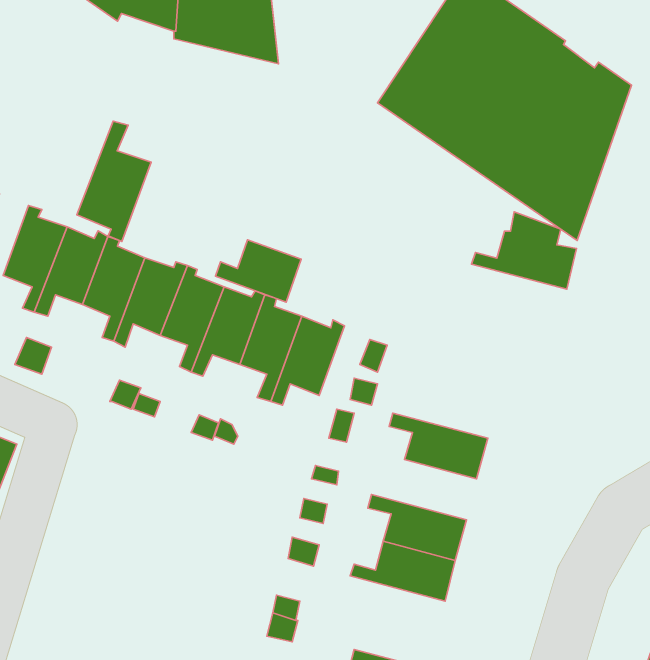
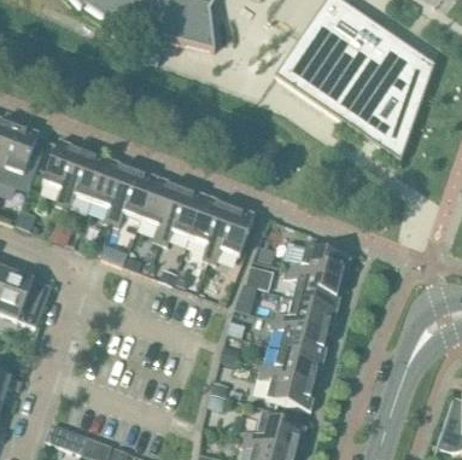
building: [77,121,151,241] -> none
building: [472,212,576,289] -> [285,234,350,283]
building: [215,240,301,302] -> none
building: none -> [271,296,337,333]
building: none -> [256,368,317,410]

